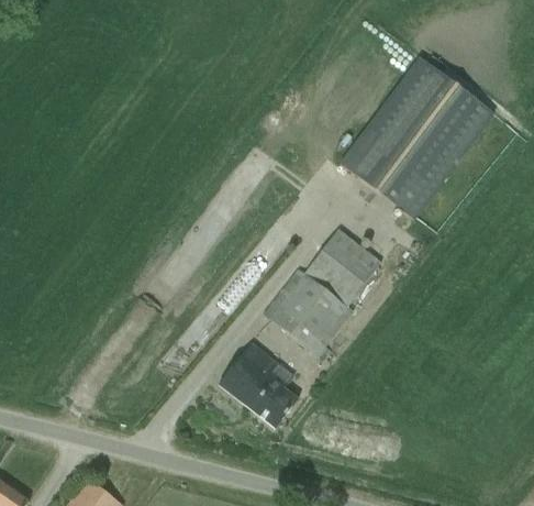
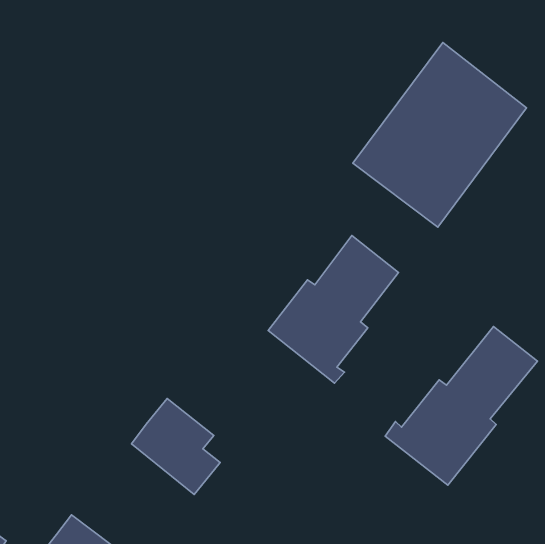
building: none -> [385,326,537,485]
building: [220,342,299,428] -> [132,398,220,494]

